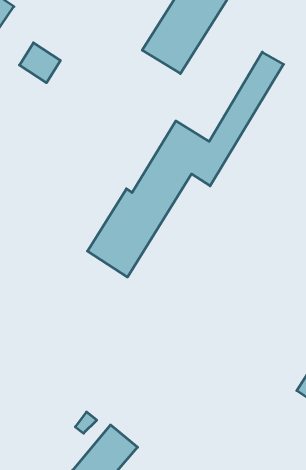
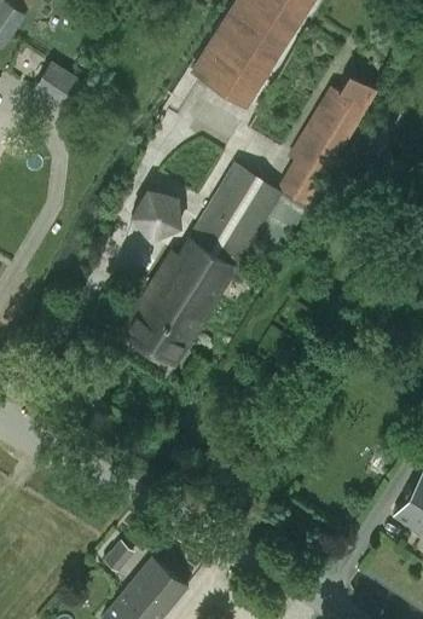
building: none -> [131,190,179,239]

